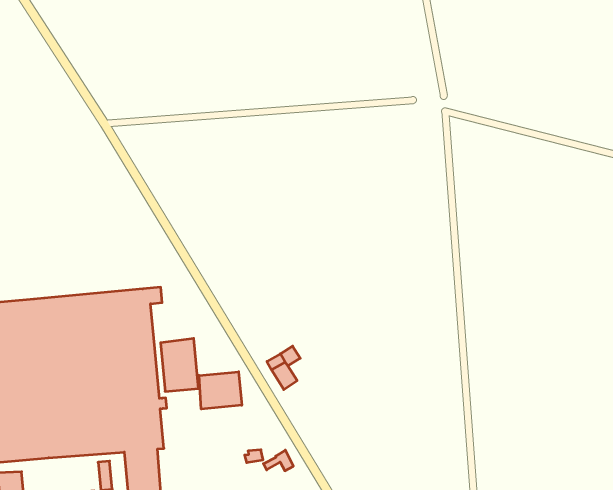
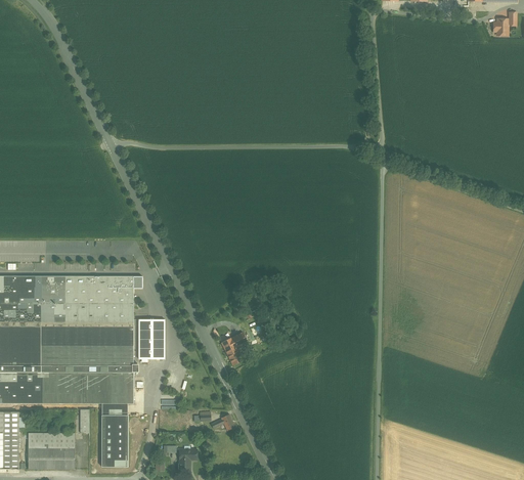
building: [199,372,242,409] -> none

